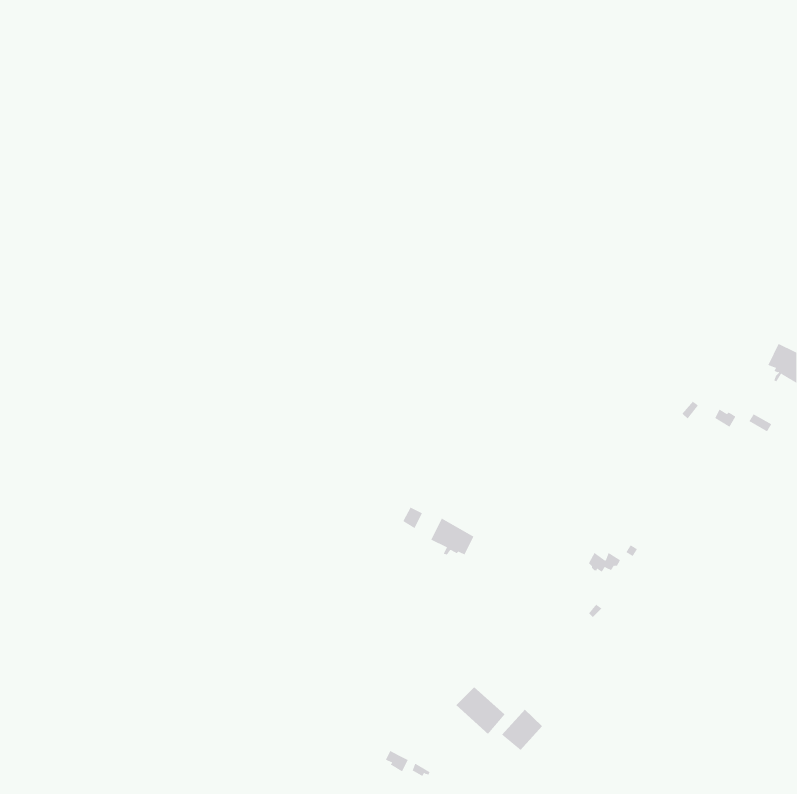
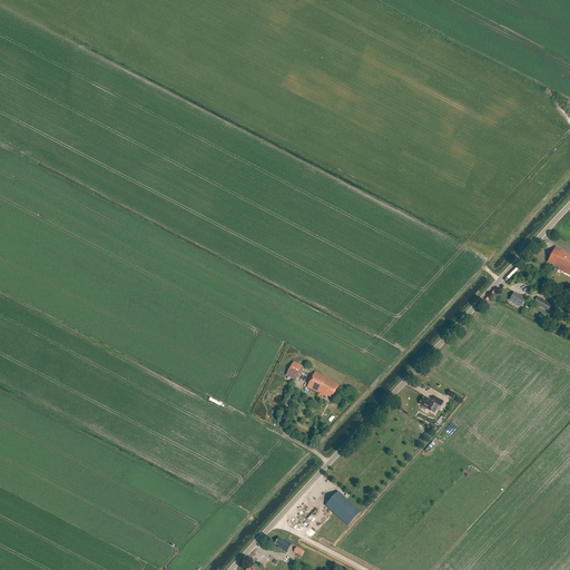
building: [501,709,543,751] -> none

